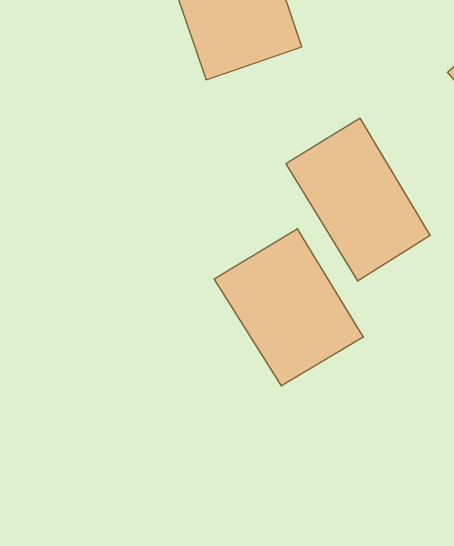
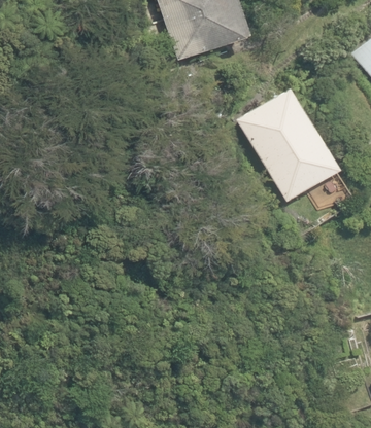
building: [214,229,363,386] -> none

